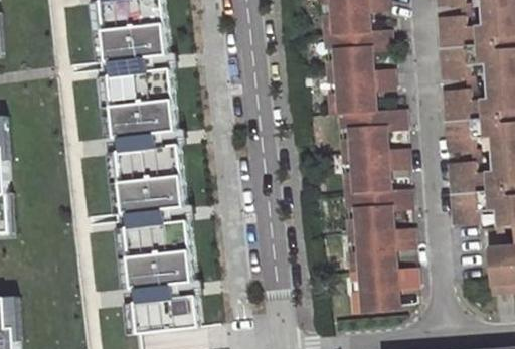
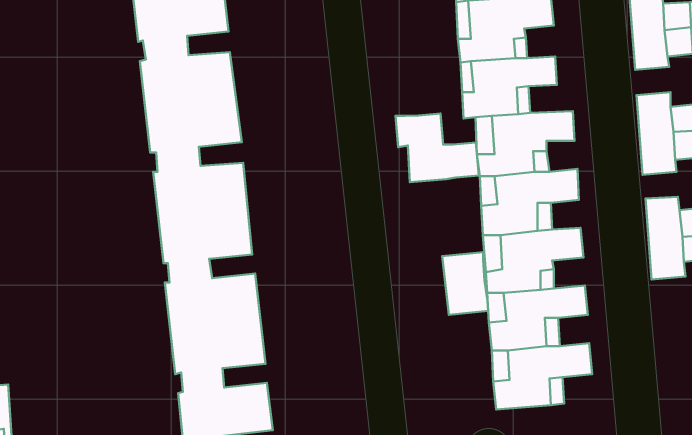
building: none -> [395,113,479,182]
building: none -> [442,252,488,315]

